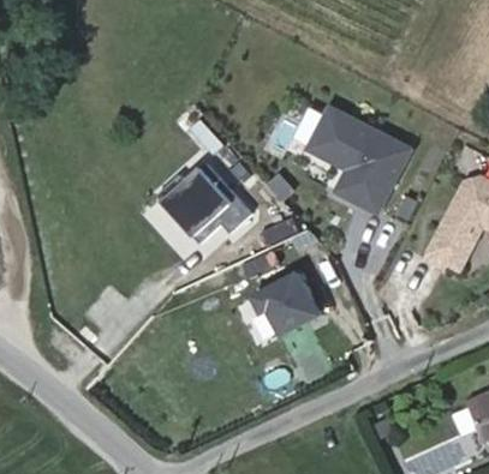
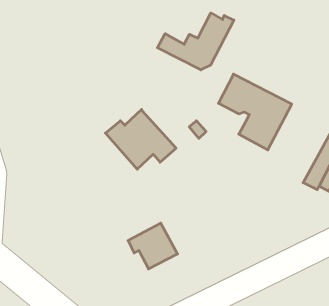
building: none -> [157,13,234,70]
building: [254,272,321,335] -> [128,223,178,269]

